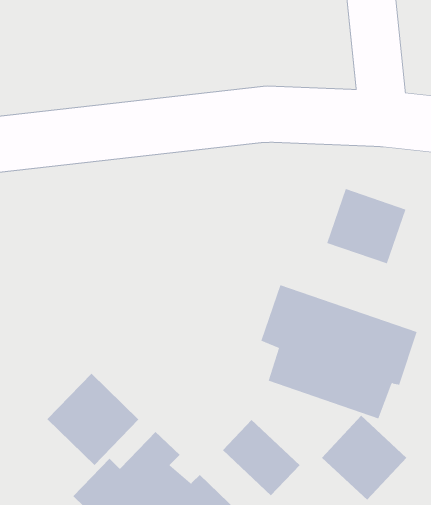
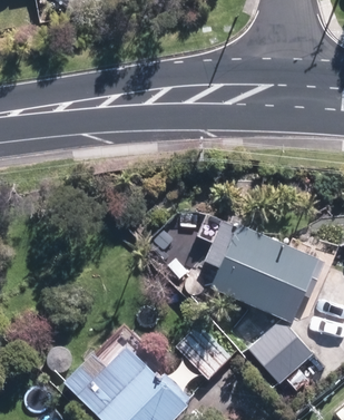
building: [326,188,406,264] -> none
building: [46,373,139,466] -> none

